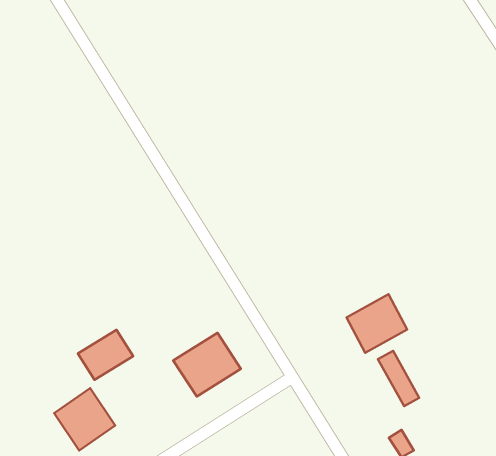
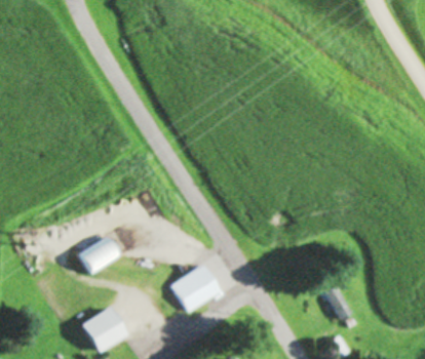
building: [347,294,407,353] -> none
building: [78,330,133,380] -> [80,236,121,273]

